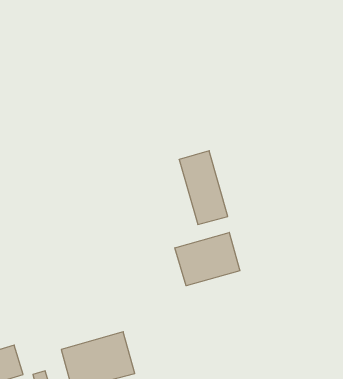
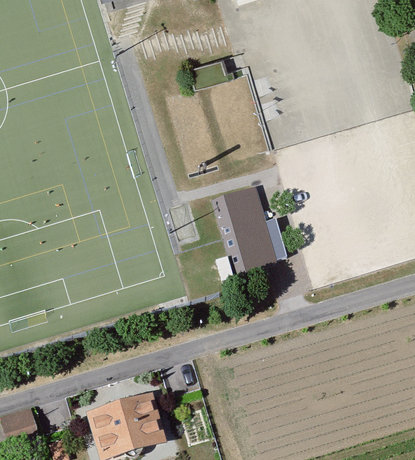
building: [175,232,240,286] -> none

